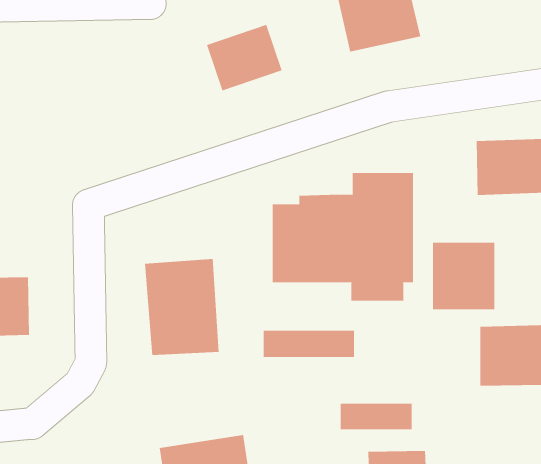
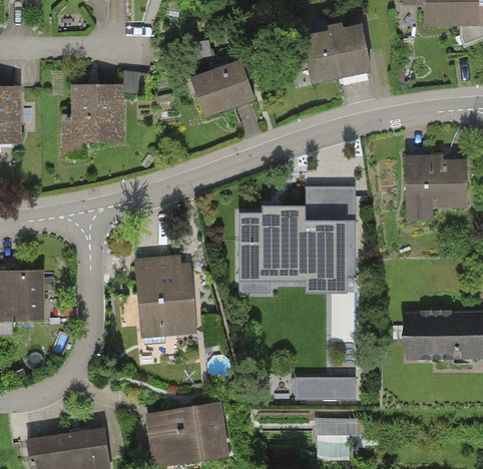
building: none -> [66,86,119,144]
building: [433,242,495,310] -> none
building: [263,330,354,358] -> none

